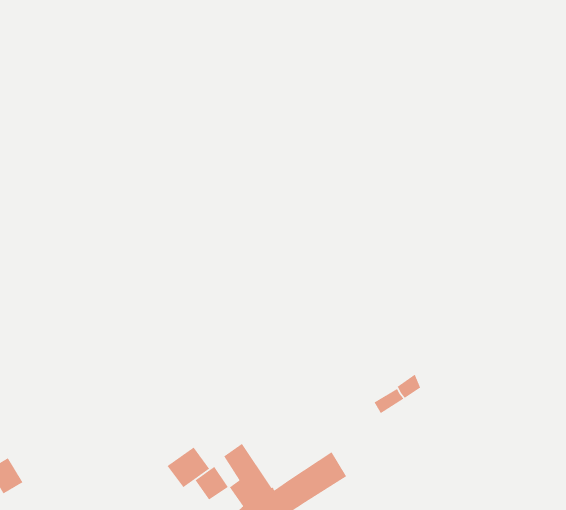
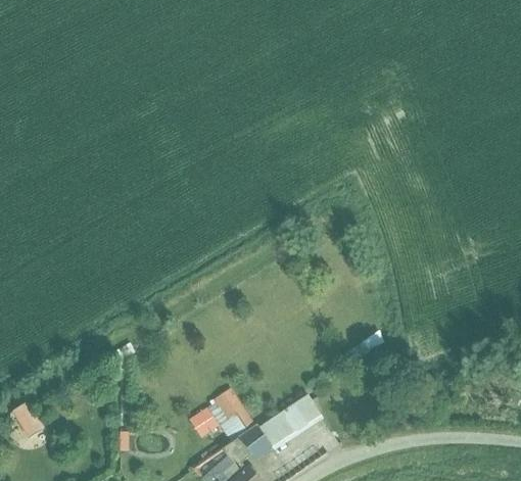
building: [167,447,210,488] -> none

